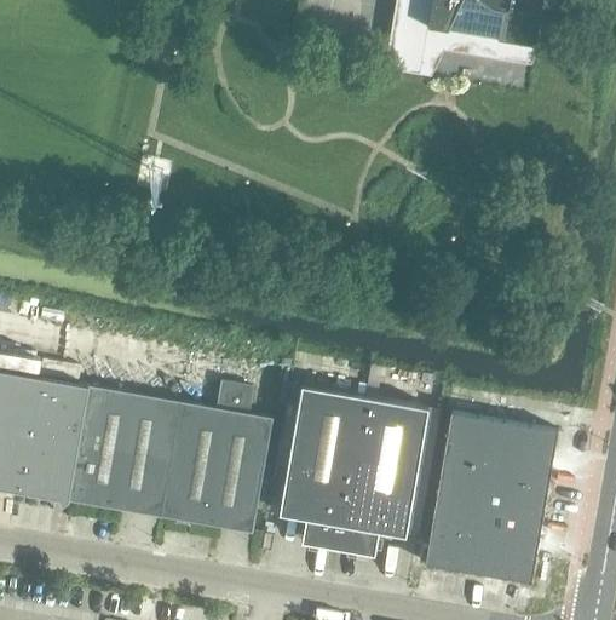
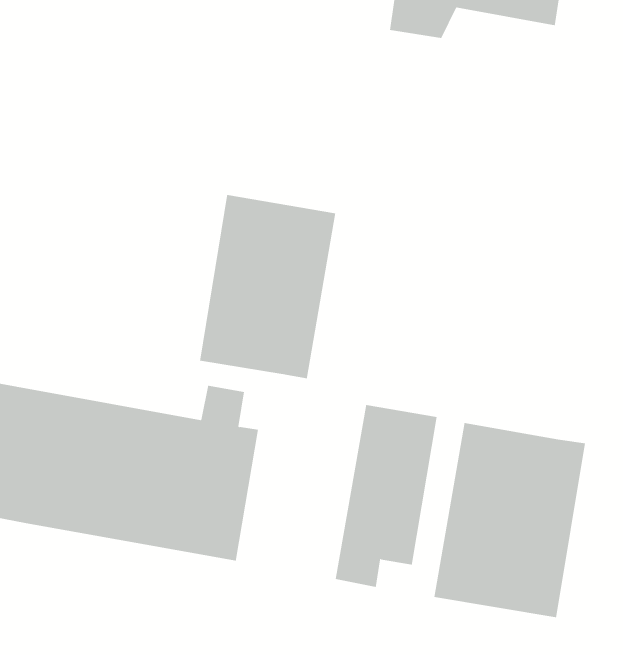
building: none -> [199,194,336,379]
building: [278,386,364,550] -> none

